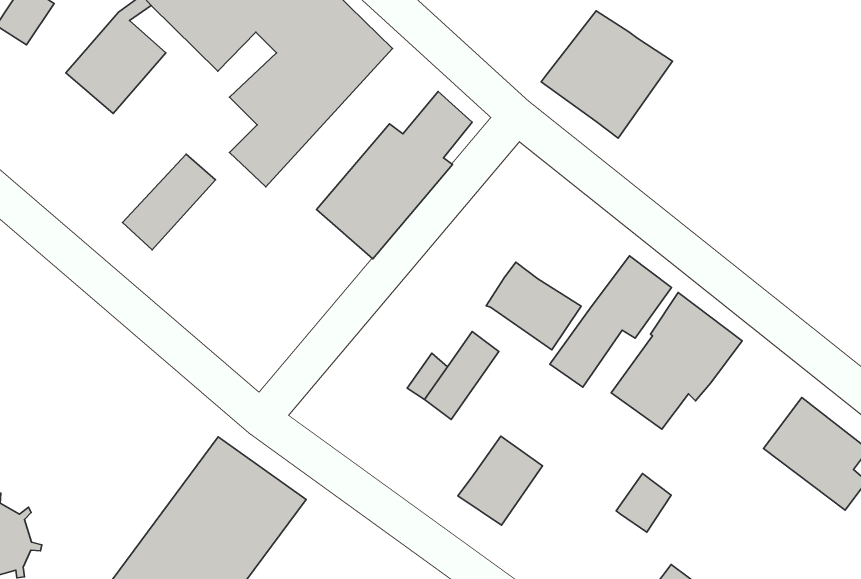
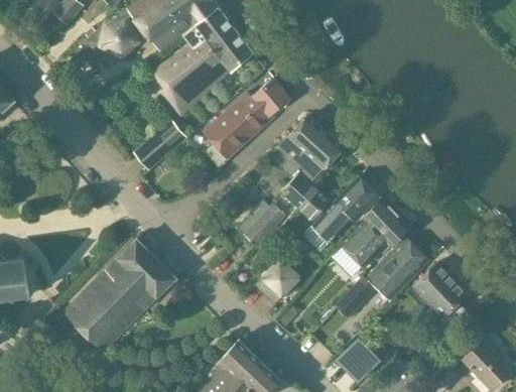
building: [541,11,673,138] -> [275,116,344,182]
building: [123,154,215,250] -> [132,123,182,169]
building: none -> [366,236,428,301]

